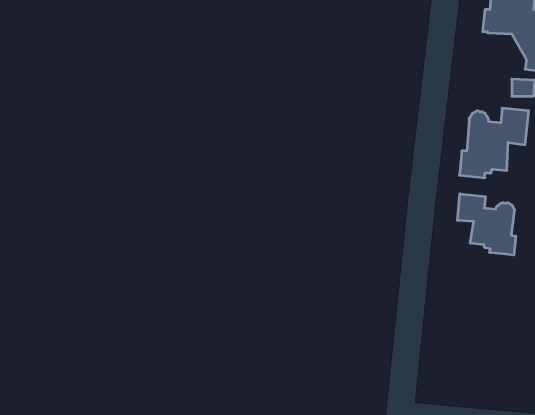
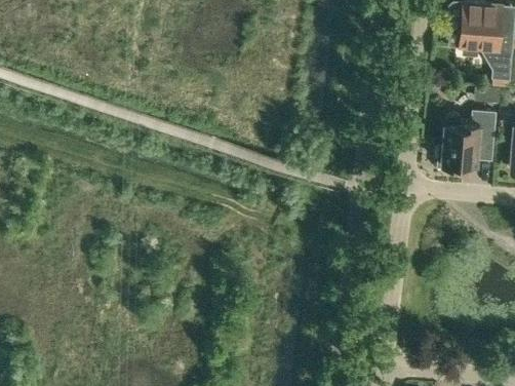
building: [457,194,516,255] -> none

